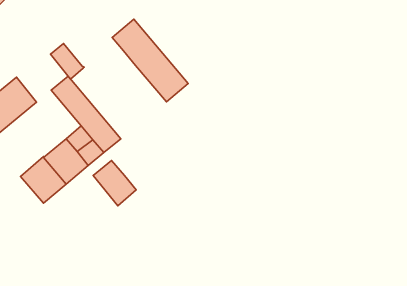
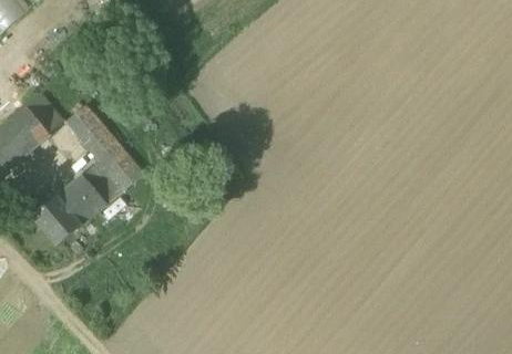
building: [112,19,188,102] -> none
building: [51,43,84,79] -> [23,95,61,135]
building: [93,161,136,206] -> none

